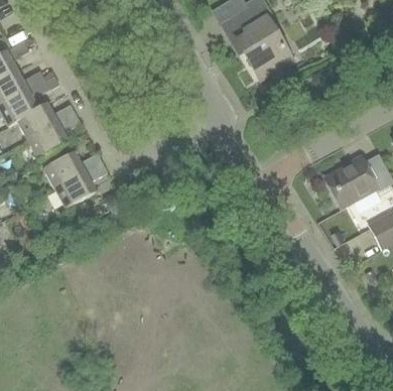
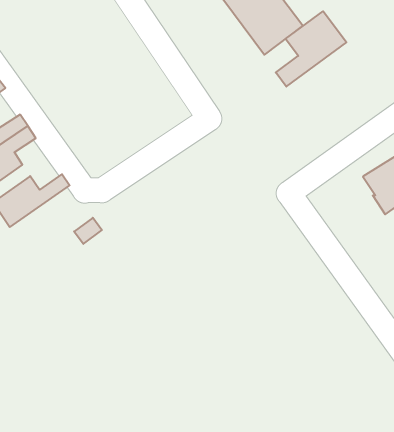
building: none -> [276,11,346,87]
building: [54,161,108,208] -> none

